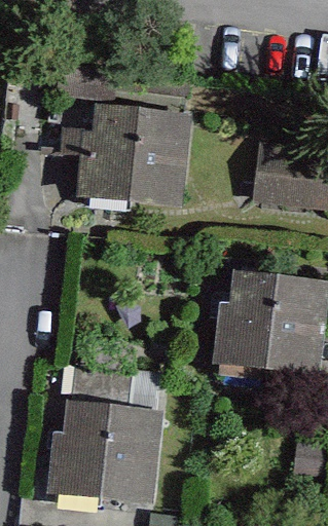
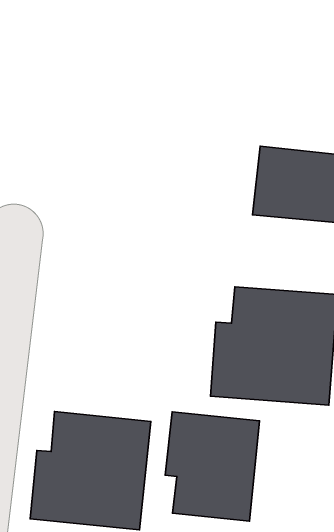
building: [77,101,185,211] -> none
building: none -> [165,412,260,521]

